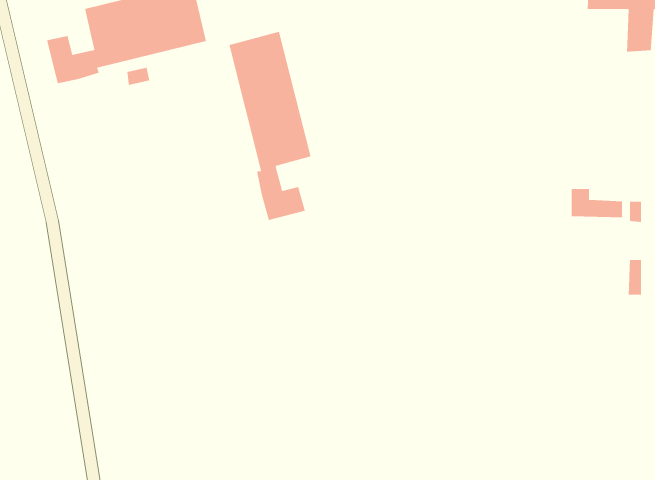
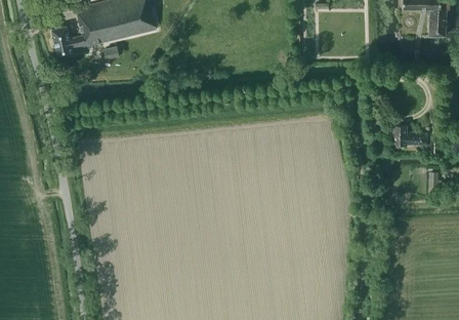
building: [228,31,311,221] -> none

